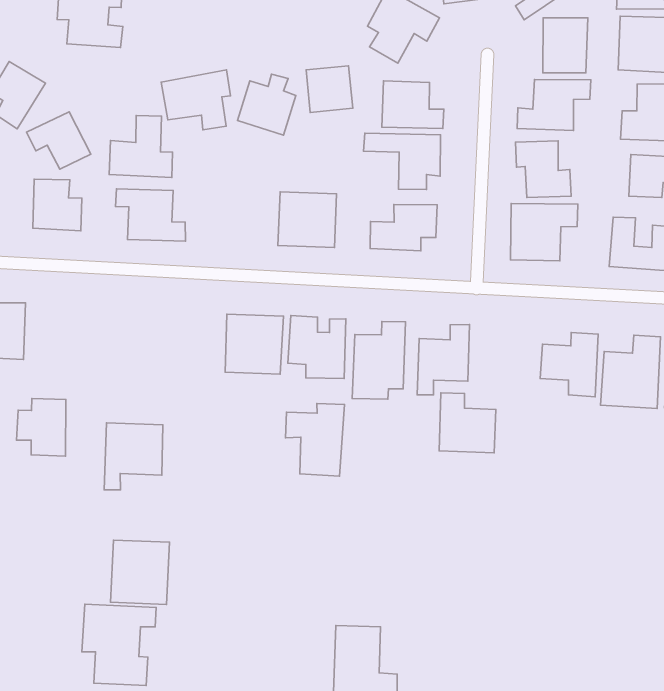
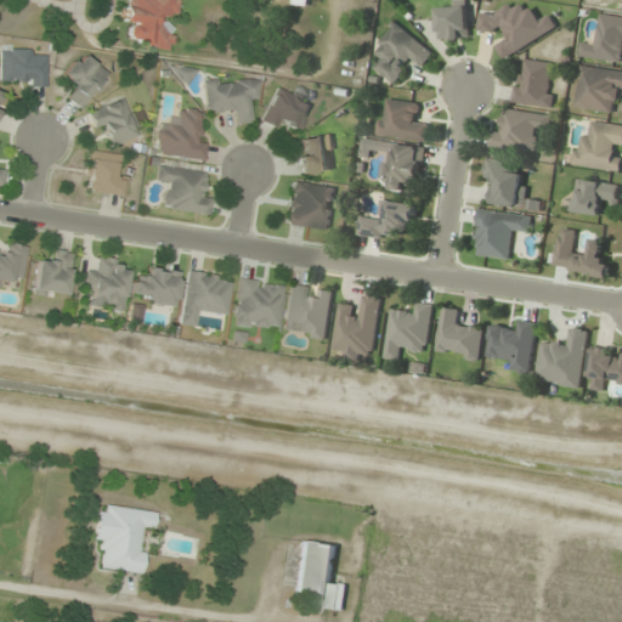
building: [306,66,353,112] -> [298,136,333,171]
building: none -> [130,266,179,304]
building: [439,393,496,453] -> [436,306,486,360]
building: [16,399,66,456] -> [83,258,126,307]
building: [285,404,345,476] -> none
building: [104,423,163,490] -> [177,268,231,324]
building: [111,540,169,604] -> none

